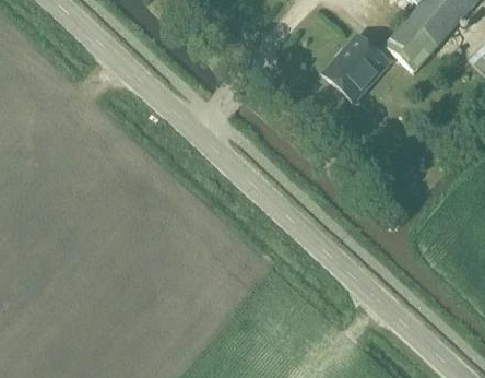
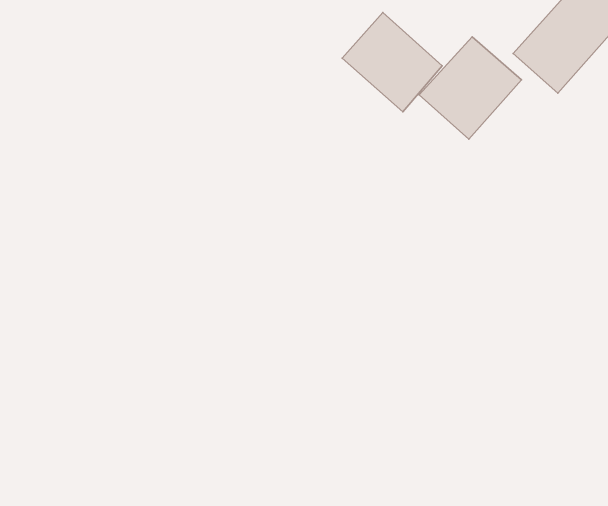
building: none -> [342,13,442,112]

